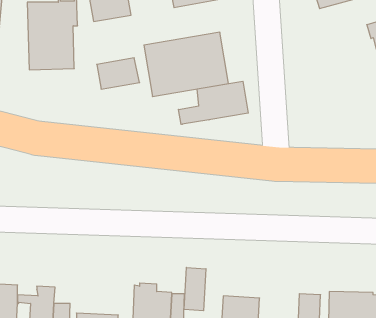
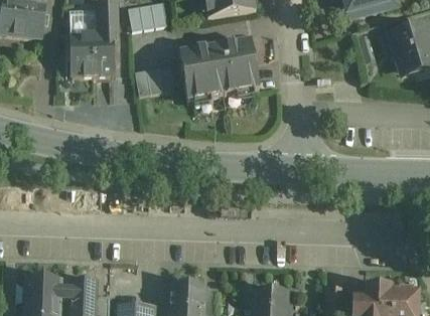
building: [178,81,248,124] -> none
building: [184,267,206,311] -> none

